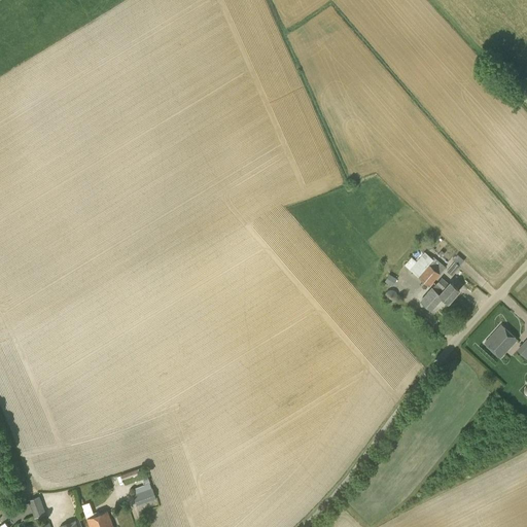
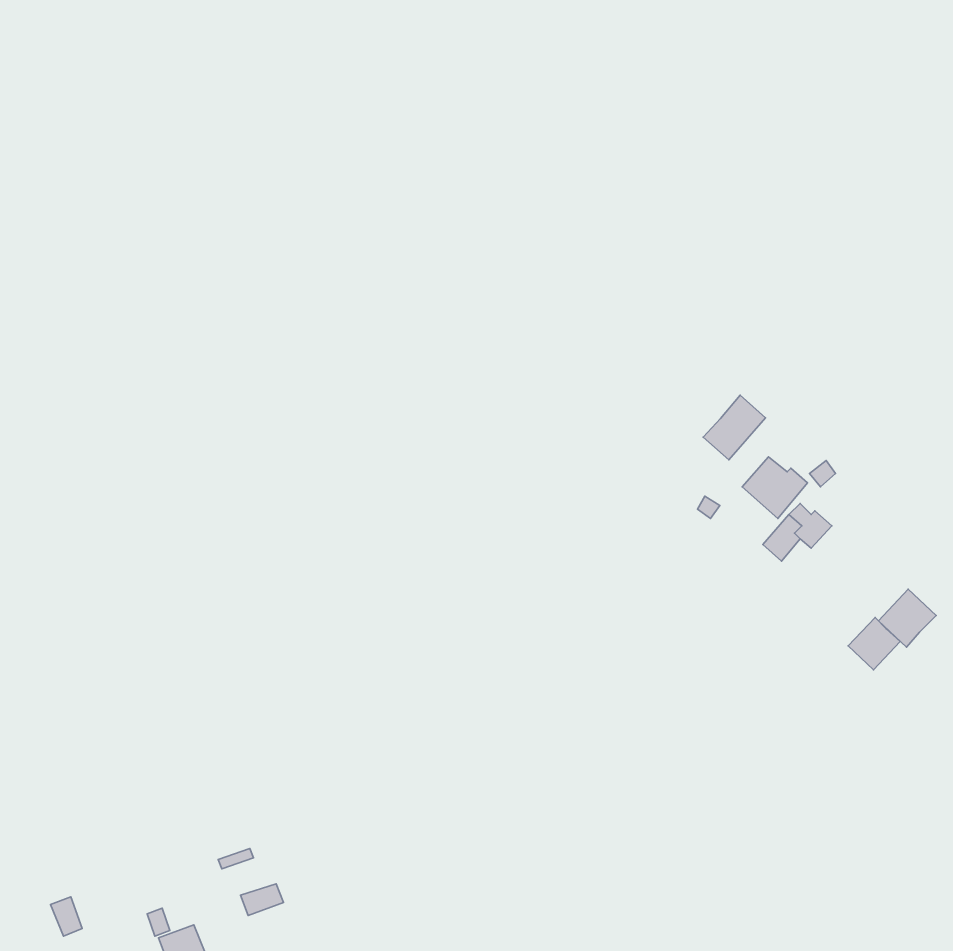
building: none -> [703,395,766,460]
building: none -> [848,618,900,670]

